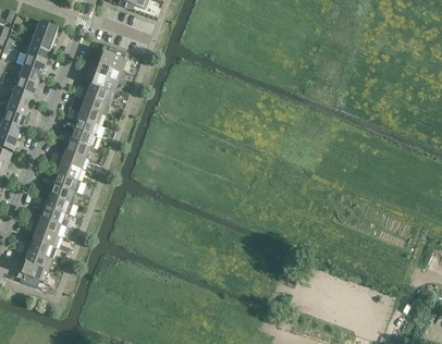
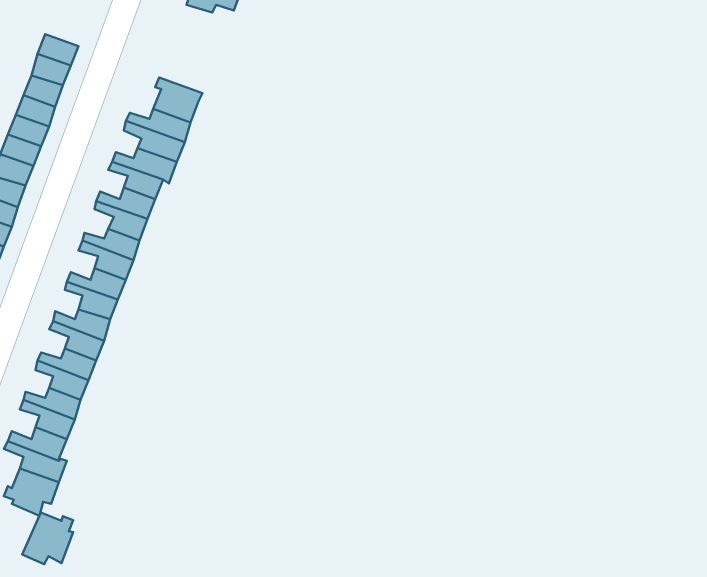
building: none -> [22,512,73,564]

